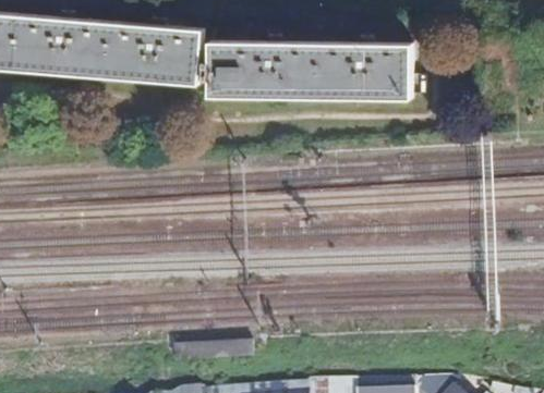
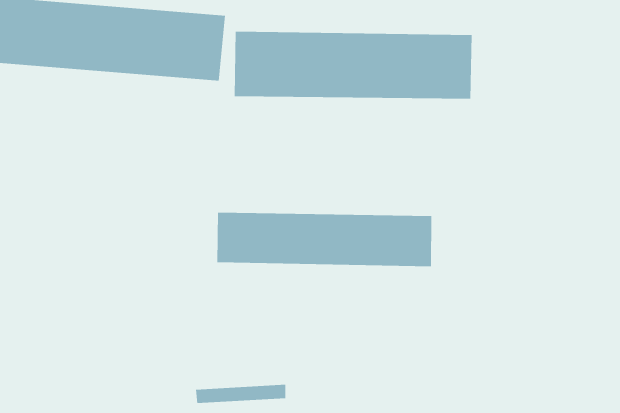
building: none -> [217,212,432,267]

